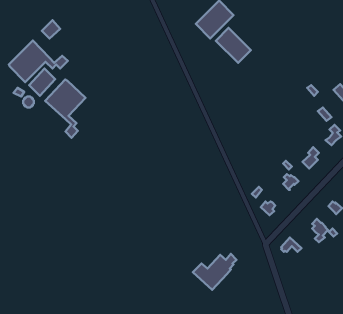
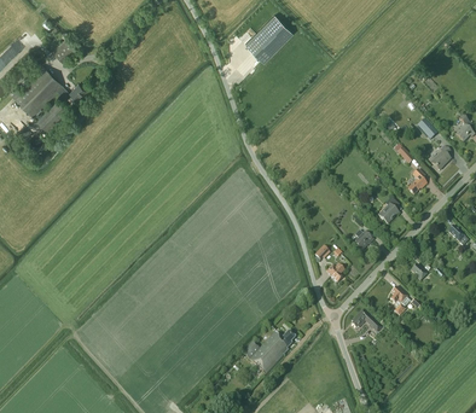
building: [216,28,251,63] -> none
building: [45,80,85,138] -> none

